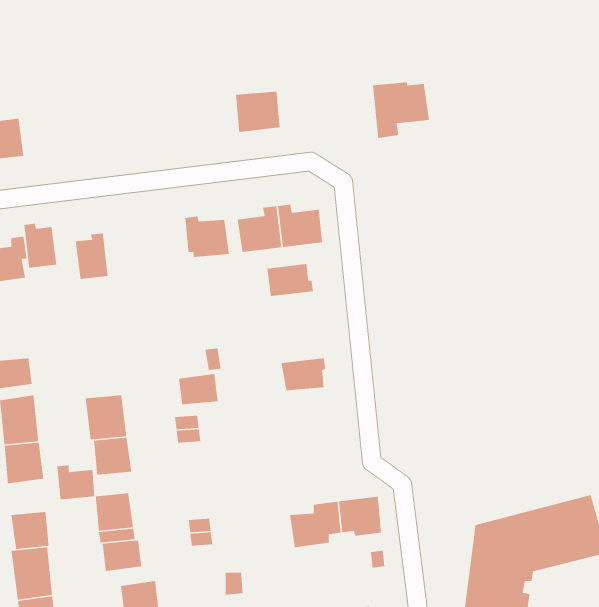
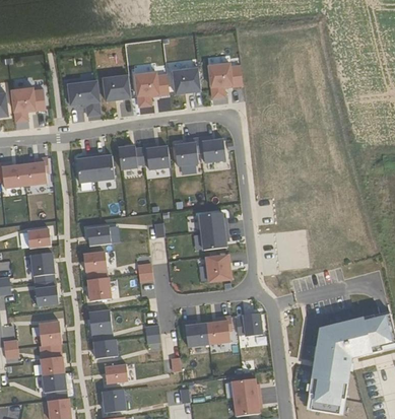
building: [372,82,430,139] -> [208,64,243,98]
building: none -> [134,72,169,107]
building: none -> [103,75,131,101]
building: none -> [67,80,101,116]
building: none -> [118,145,144,169]
building: [23,223,57,269] -> [93,153,114,181]
building: [267,263,314,297] -> [198,212,226,232]
building: [178,373,219,405] -> [86,226,111,246]
building: none -> [205,254,231,282]
building: [56,464,95,500] -> none
building: none -> [181,321,208,347]

